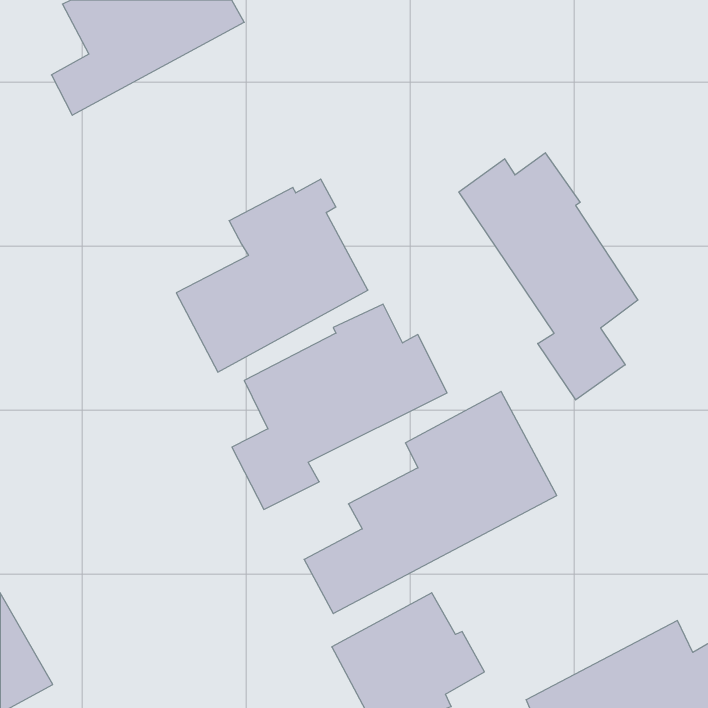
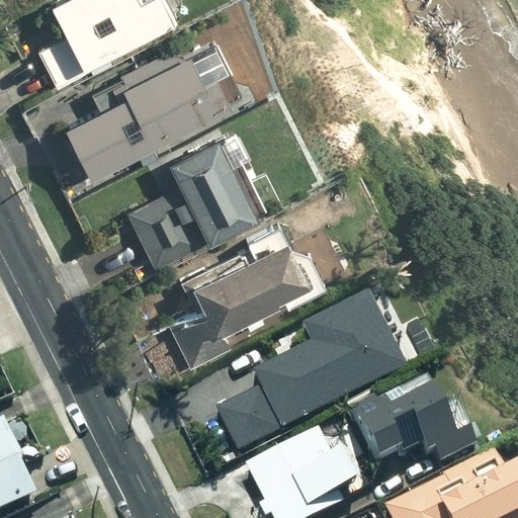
building: none -> [64,40,247,178]
building: [459,153,638,400] -> none
building: none -> [348,382,479,473]

